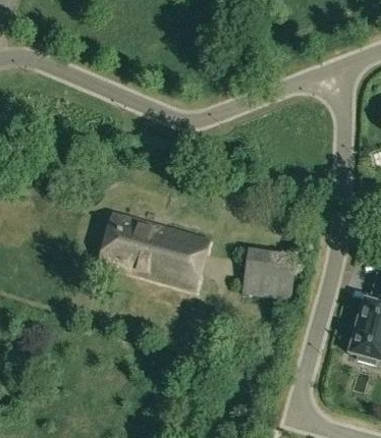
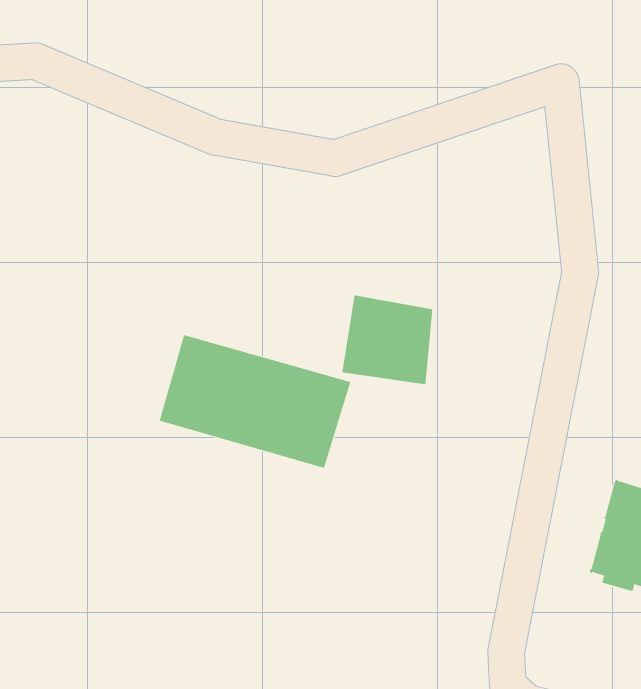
building: [242,249,295,300] -> [341,295,433,385]

